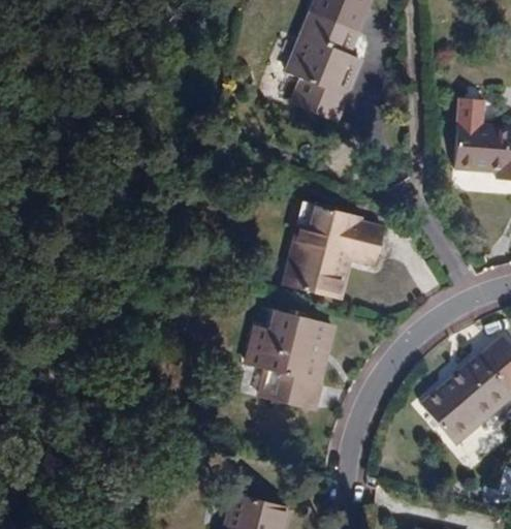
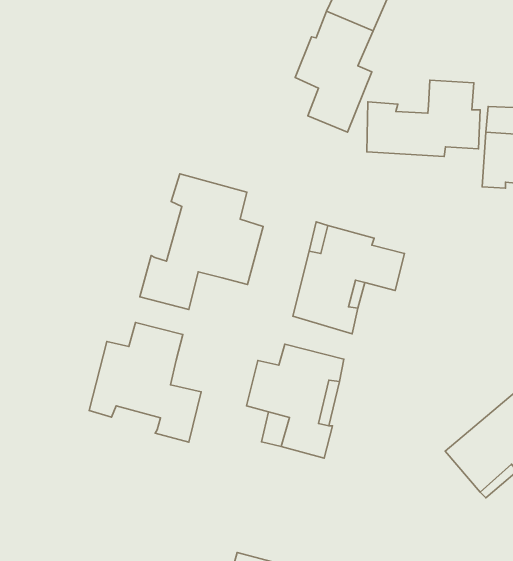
building: none -> [367,80,480,156]
building: none -> [140,174,263,310]
building: none -> [89,322,201,442]

